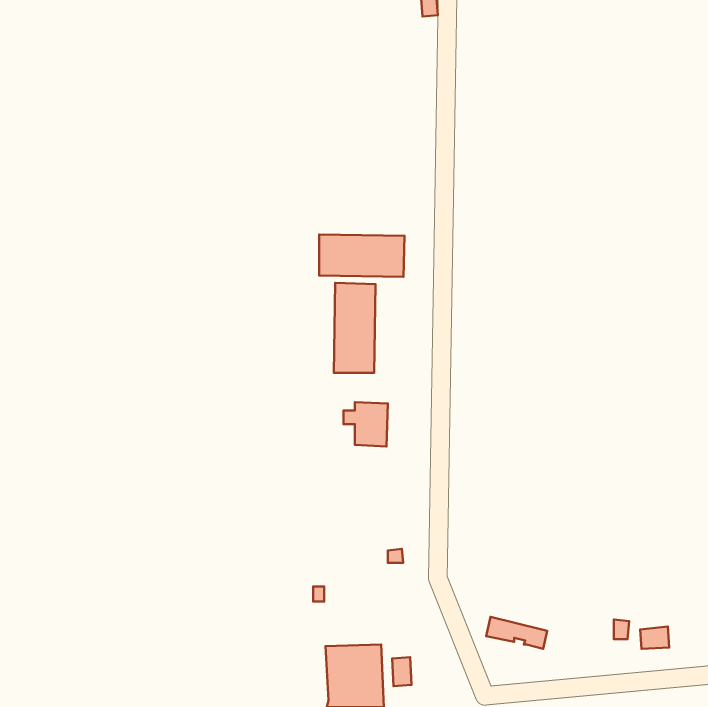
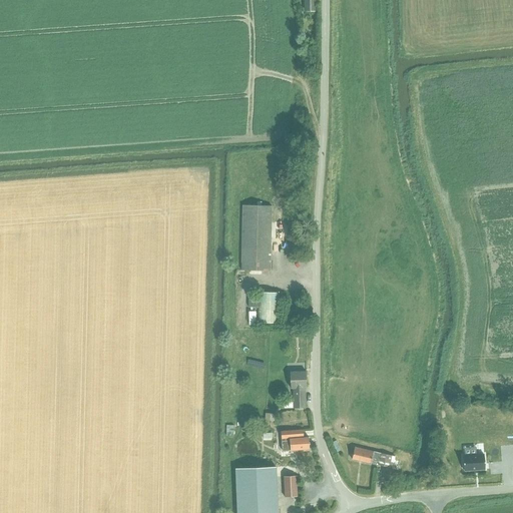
building: [319,234,405,277] -> none
building: none -> [290,372,306,407]
building: none -> [284,430,309,449]

